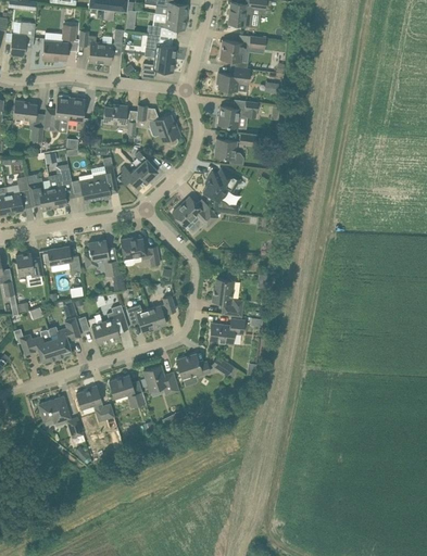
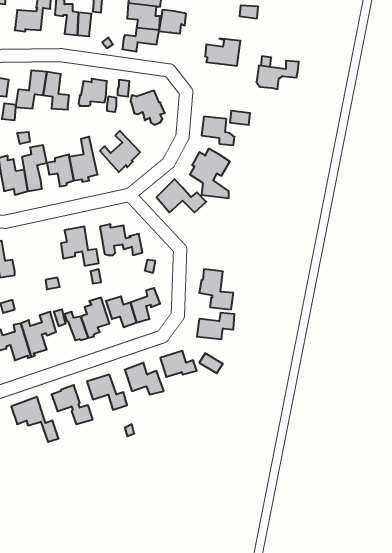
building: [219,39,244,61] -> [159,10,186,34]
building: [218,101,258,127] -> [256,61,299,89]
building: [48,245,81,274] -> none

